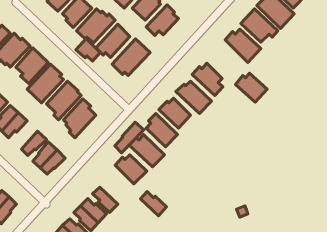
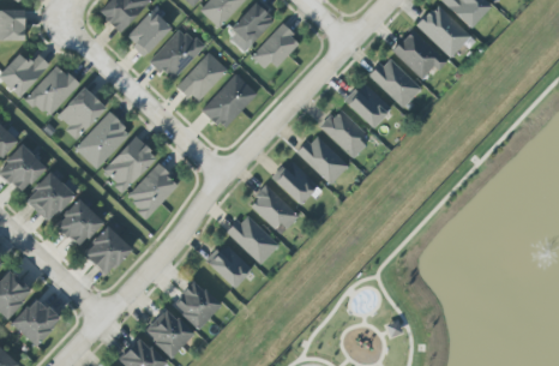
building: [76,39,100,61] -> none
building: [236,73,267,102] -> [344,84,391,127]
building: [115,122,144,153] -> none
building: none -> [56,198,91,236]
building: [141,191,166,216] -> [184,282,222,318]

